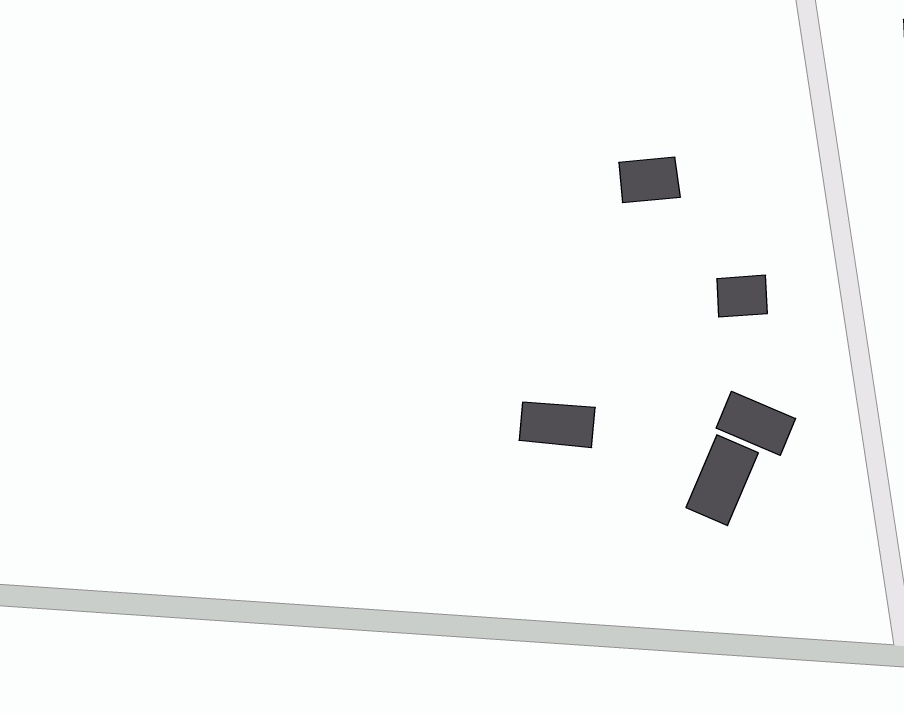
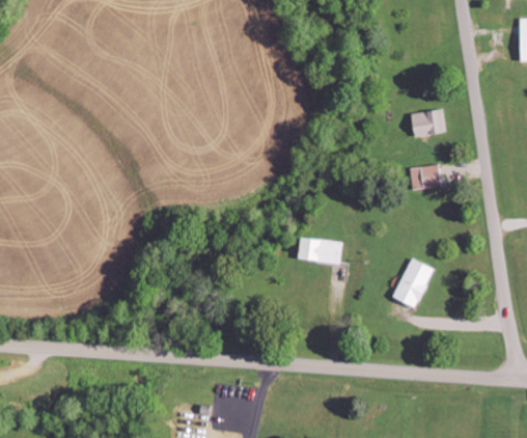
building: [619,157,680,203] -> [410,111,445,137]
building: [716,391,796,455] -> none

